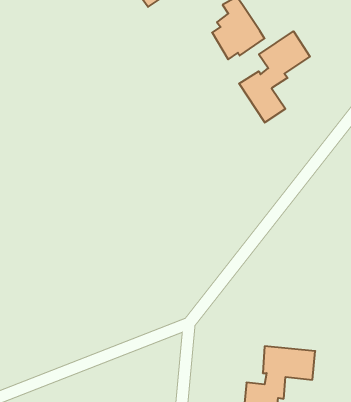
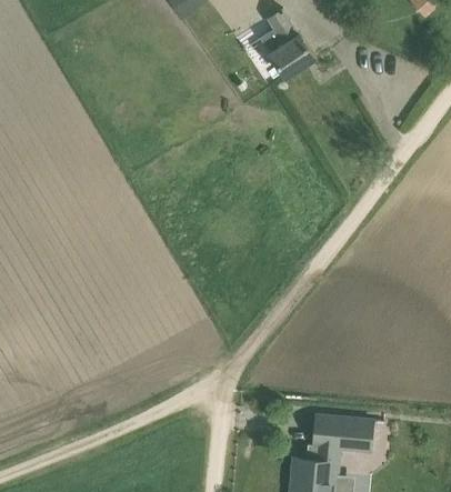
building: [239,31,310,123] -> none

